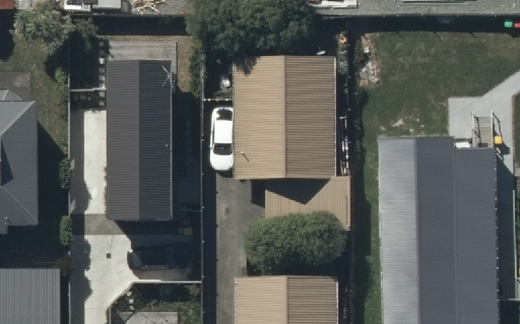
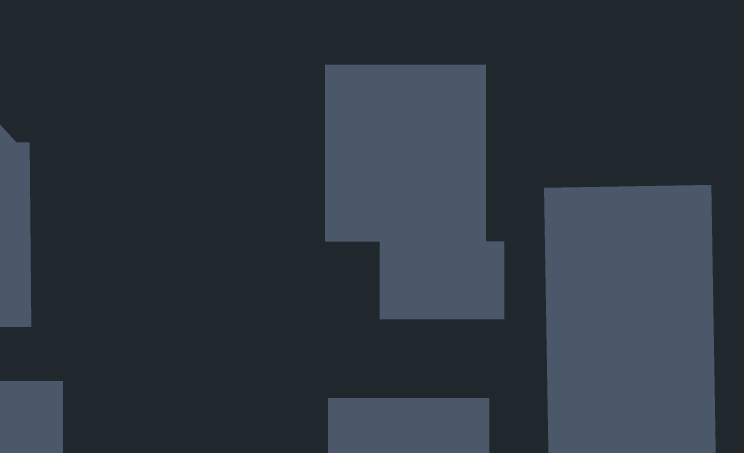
building: [106,58,171,213] -> none

